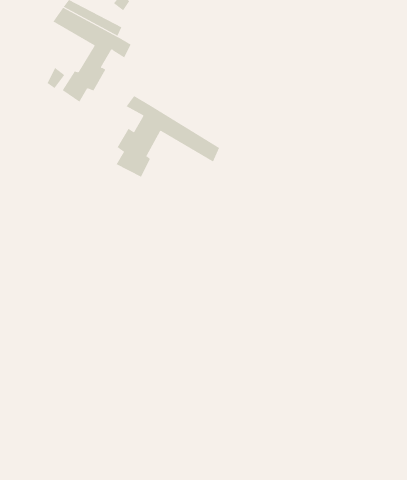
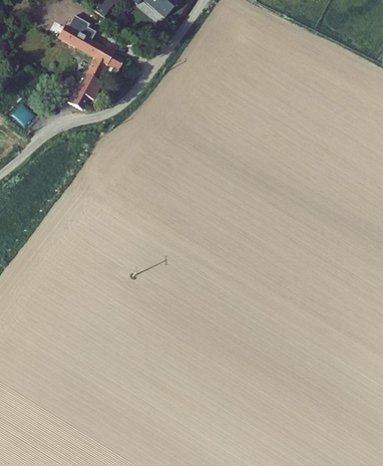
building: [116,95,220,178] -> none

